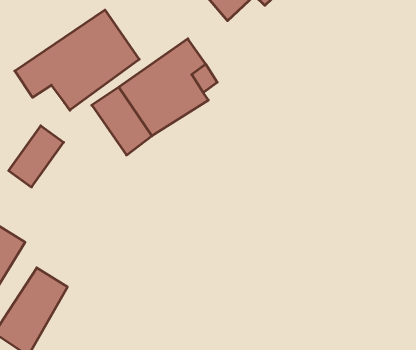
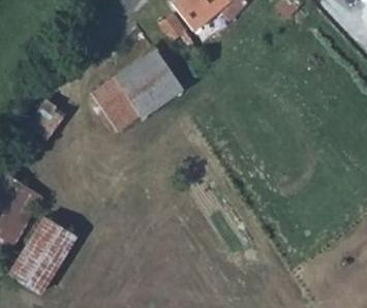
building: [15,10,139,110] -> none

